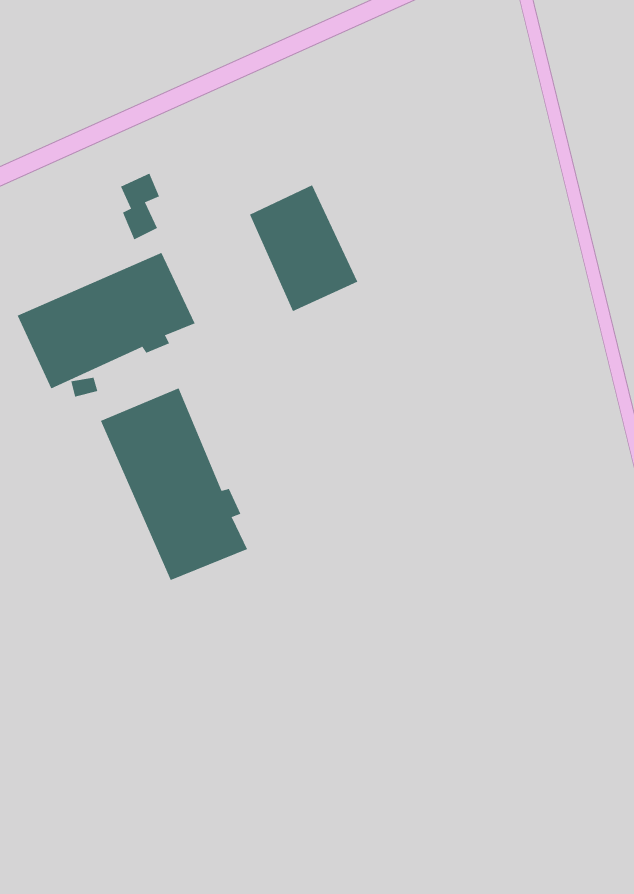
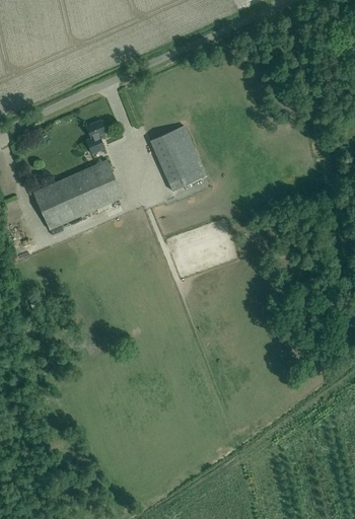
building: [100,388,248,581] -> none

